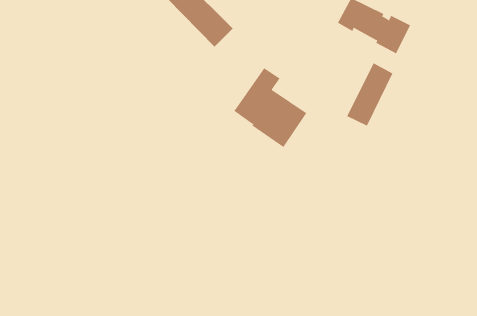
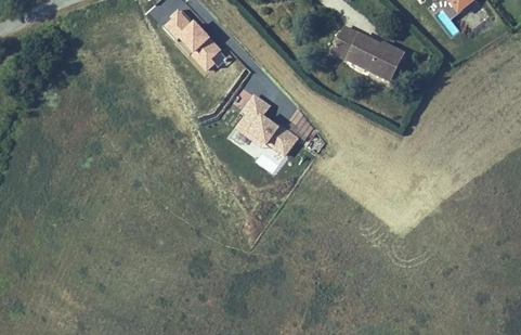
building: [347,63,393,127] -> none

